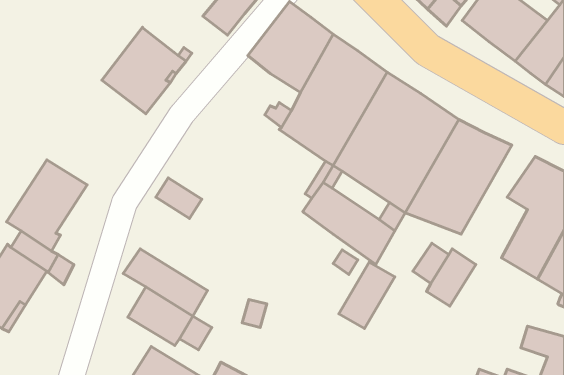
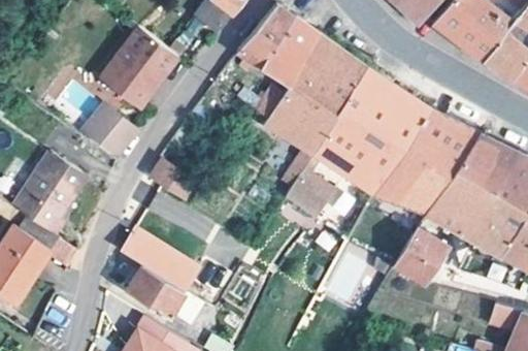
building: none -> [82,100,137,152]
building: none -> [432,135,500,238]

